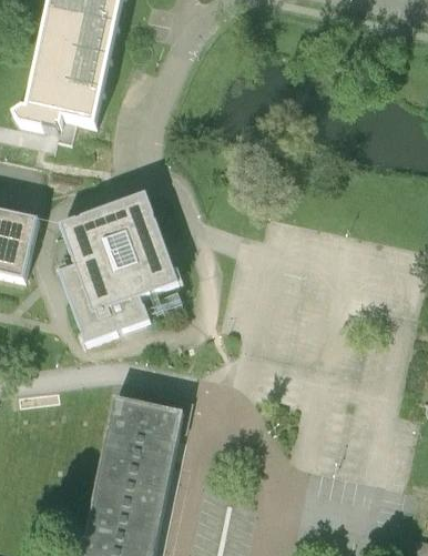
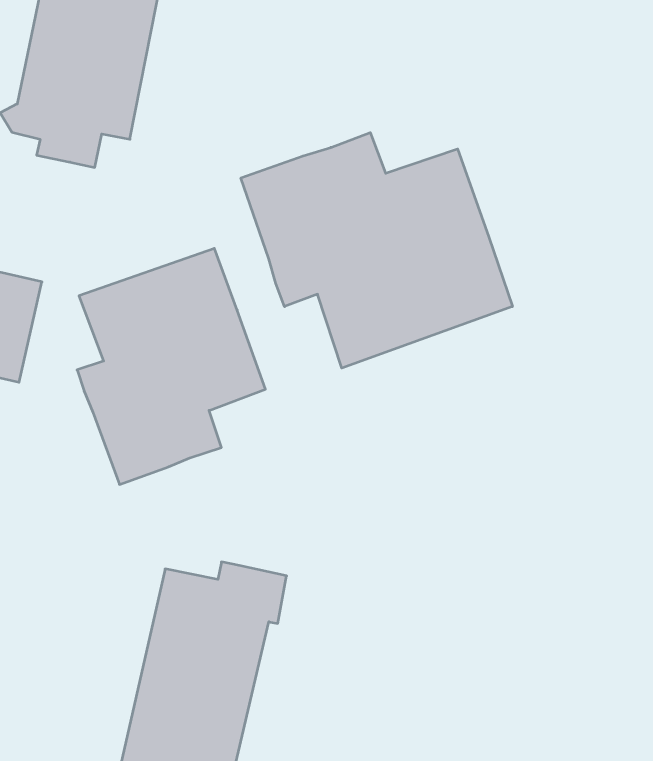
building: none -> [241,133,512,368]

